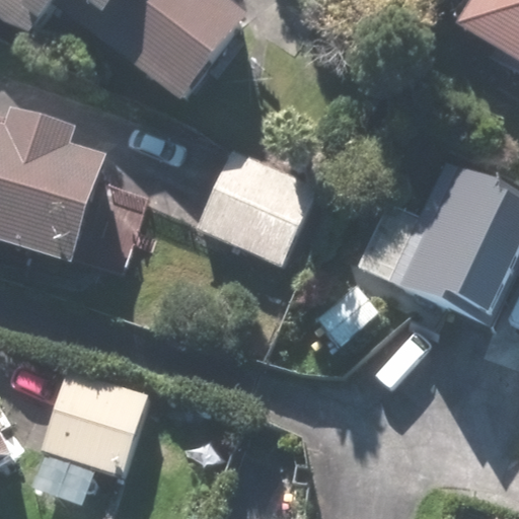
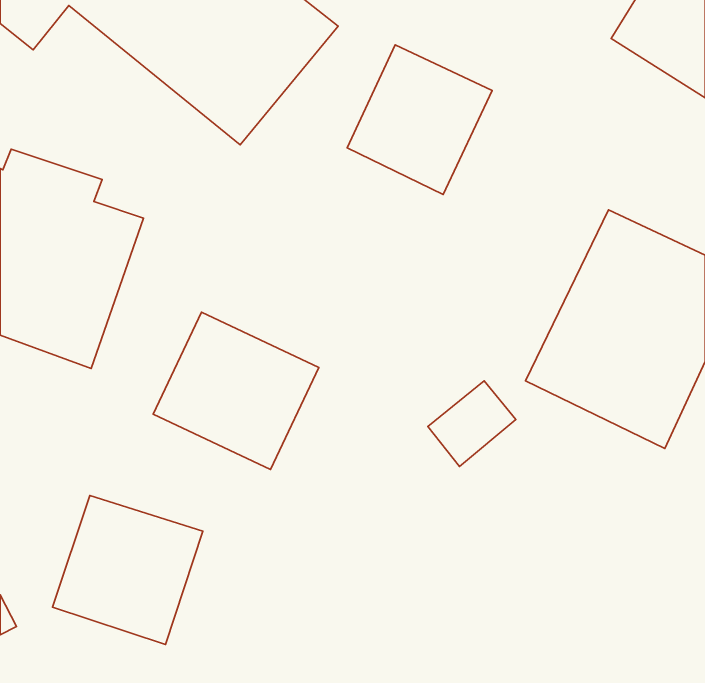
building: none -> [347,45,492,194]
building: [195,147,316,263] -> [153,312,319,469]

